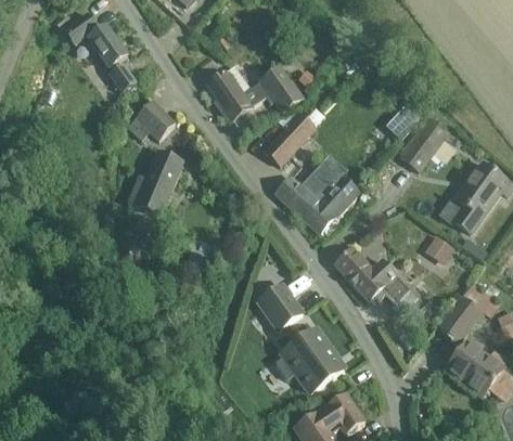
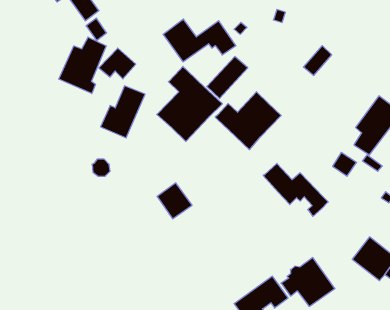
building: none -> [59,37,106,94]
building: [401,117,450,169] -> none
building: none -> [157,66,222,141]
building: [258,284,303,329] -> [157,183,192,219]
building: [438,295,484,342] -> none
building: [275,329,344,391] -> [281,258,335,306]

